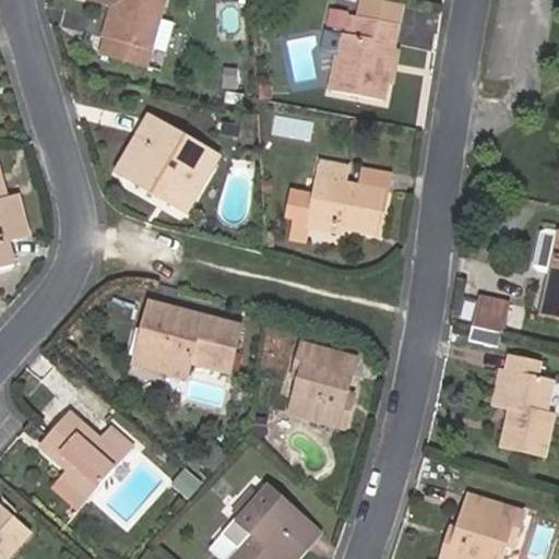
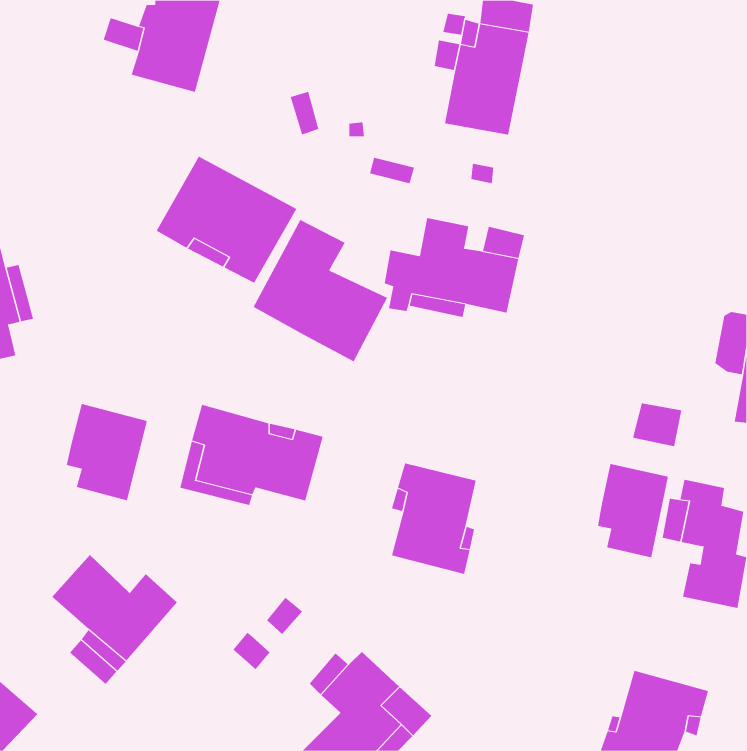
building: none -> [253,219,388,362]
building: none -> [66,403,147,501]
building: none -> [597,463,669,558]

